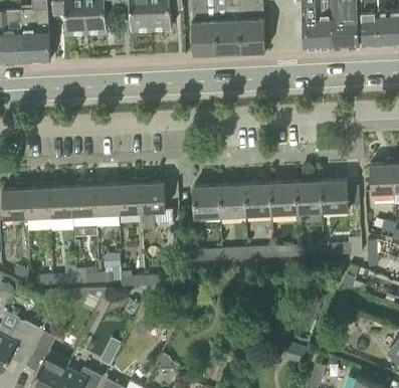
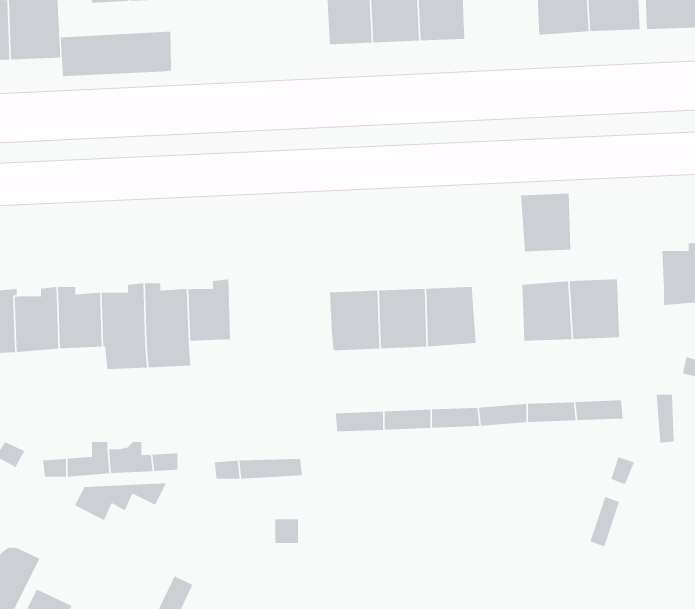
building: none -> [60,31,171,77]
building: [140,180,171,230] -> none
building: [269,183,296,214] -> [520,193,571,252]

